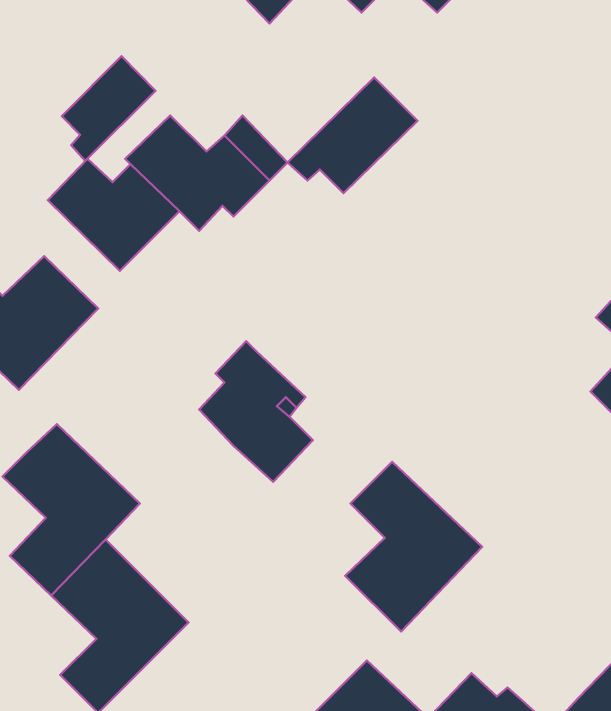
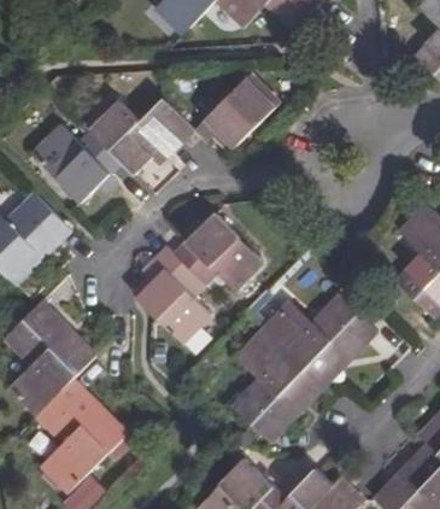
building: [62,56,155,161] -> none
building: none -> [174,213,263,291]
building: none -> [264,296,377,386]

